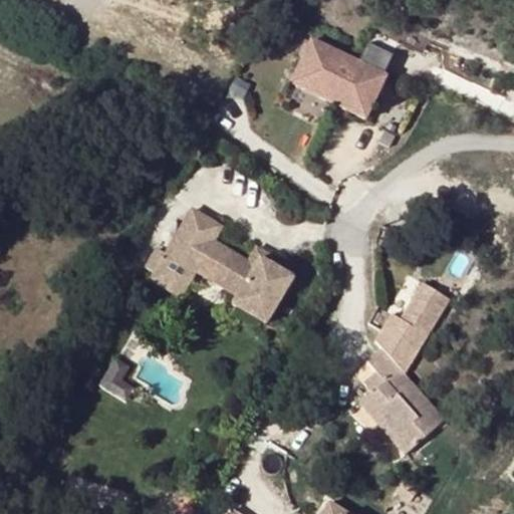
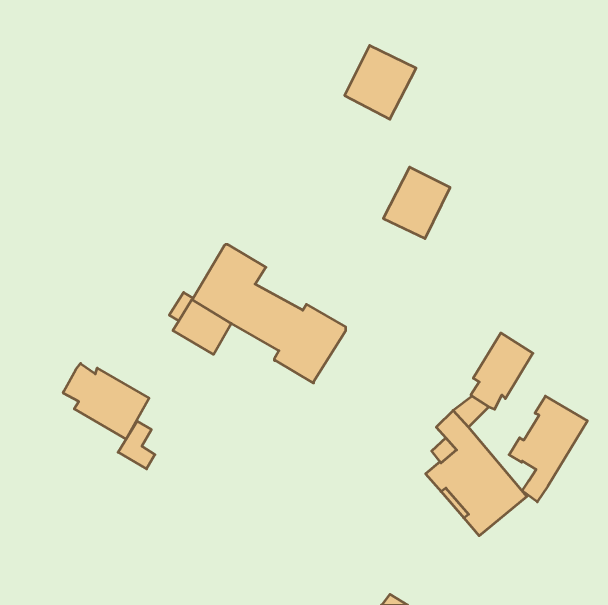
building: [329,57,386,117] -> [383,167,450,239]
building: none -> [63,363,149,439]
building: none -> [509,396,587,502]

